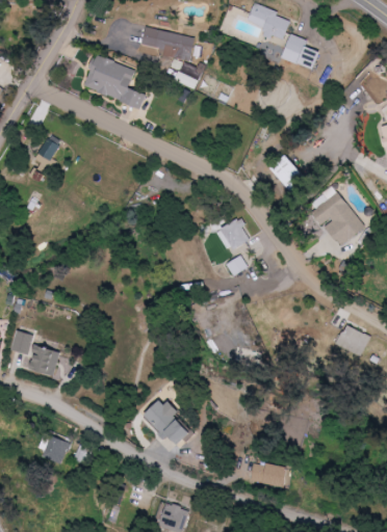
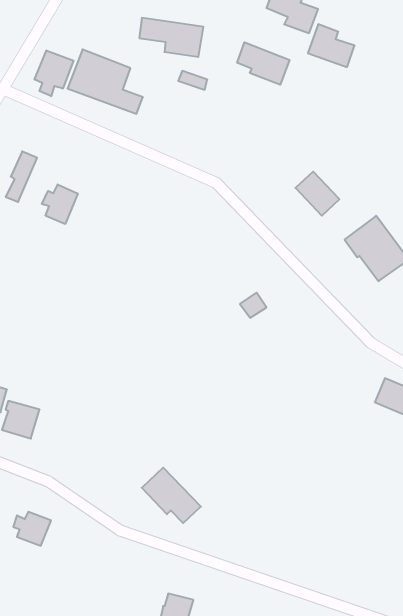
building: none -> [237,42,290,85]
building: none -> [35,50,74,96]
building: none -> [42,184,78,224]
building: [214,217,250,251] -> none
building: [249,461,287,486] -> none

